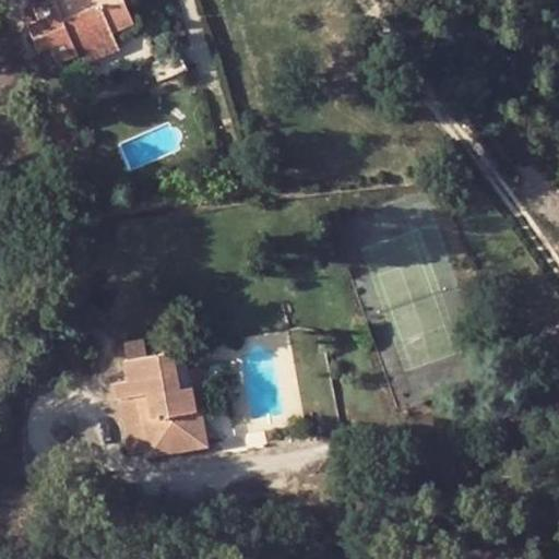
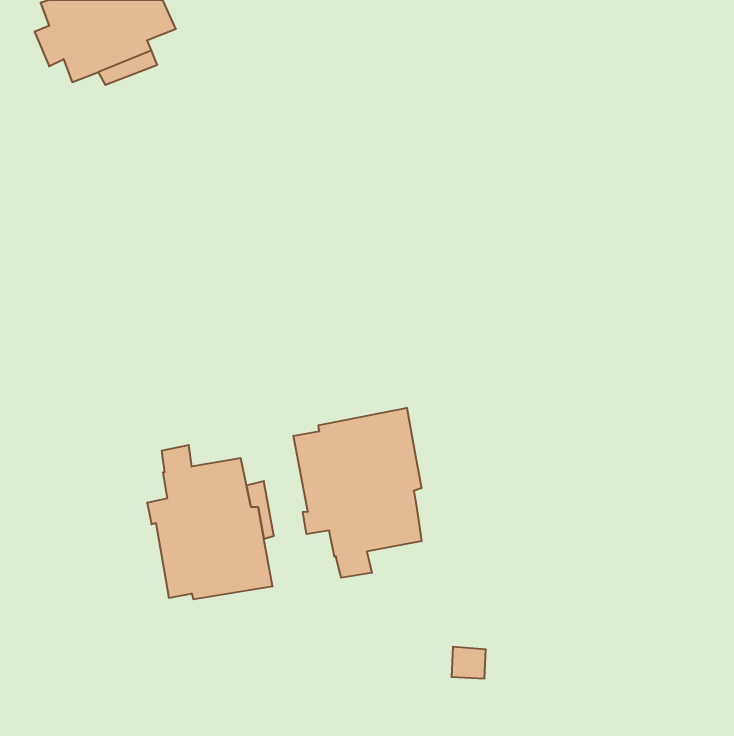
building: none -> [293,408,422,578]

